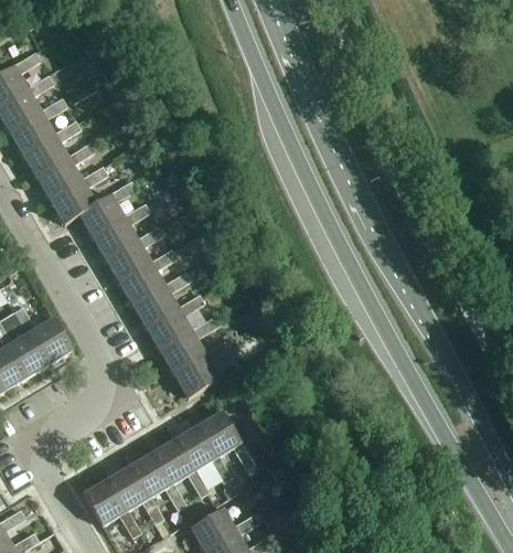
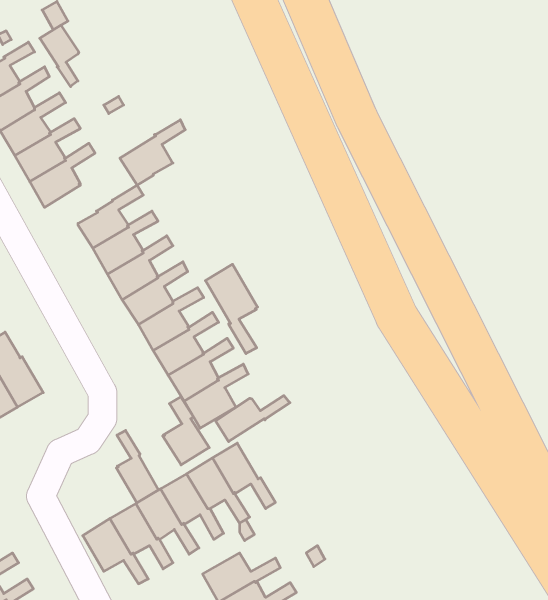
building: none -> [40,25,79,87]
building: [49,166,107,224] -> [120,120,185,185]
building: none -> [205,264,258,354]
building: [13,307,72,365] -> none
building: none -> [216,396,290,442]
building: none -> [163,397,209,465]
building: none -> [116,430,159,503]

